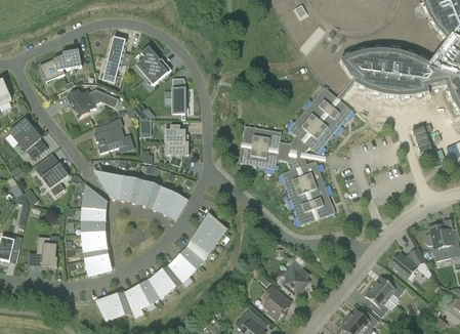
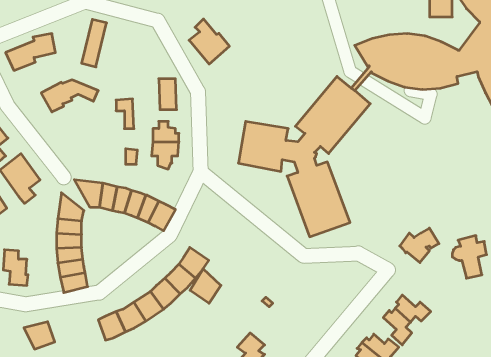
building: [136,46,171,85] -> [189,19,229,64]
building: [94,118,127,153] -> none
building: [198,215,224,245] -> [190,269,221,303]
building: [391,248,425,278] -> [400,228,439,263]
building: [279,260,309,294] -> none
building: [263,285,288,319] -> none
building: [98,296,125,320] -> [24,322,55,349]

